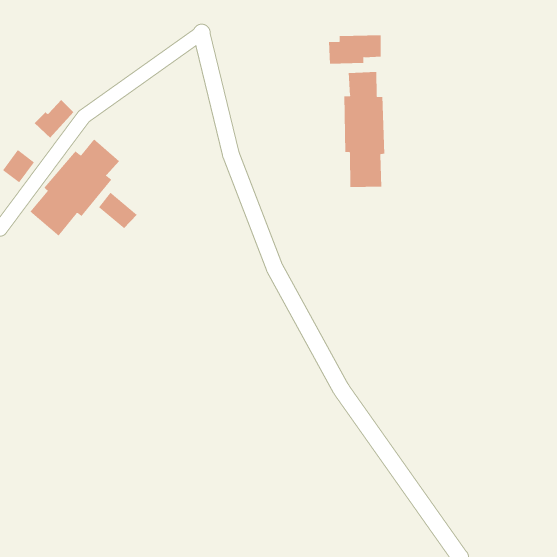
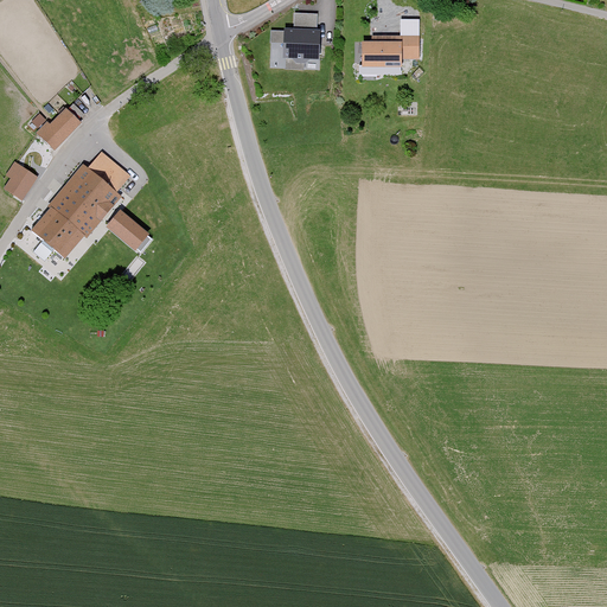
building: none -> [283,25,321,57]
building: [344,71,385,188] -> none

